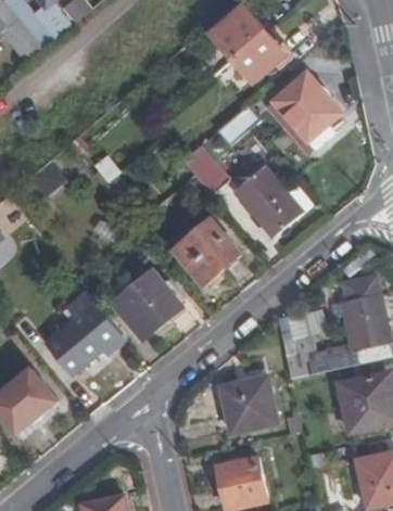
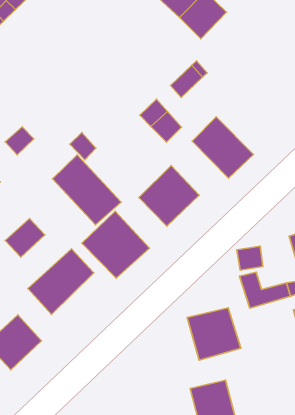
building: [277,73,343,139] -> none
building: none -> [53,155,121,225]
building: none -> [5,218,45,257]

